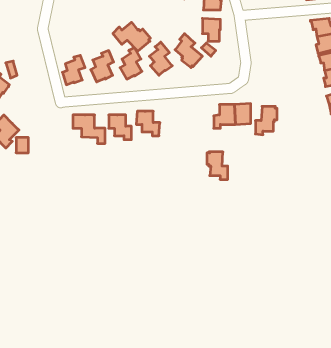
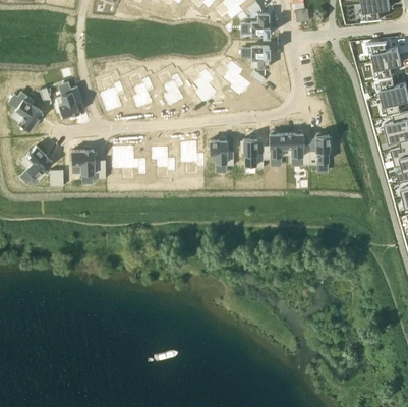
building: [113,22,150,51] -> none
building: none -> [56,86,80,119]
building: none -> [208,140,232,167]
building: none -> [69,150,104,181]
building: [207,152,228,179] -> [240,138,263,168]

